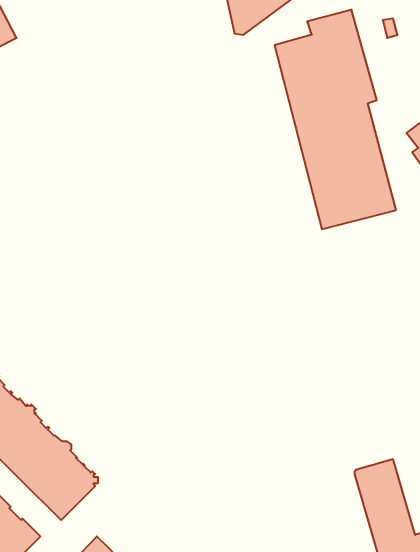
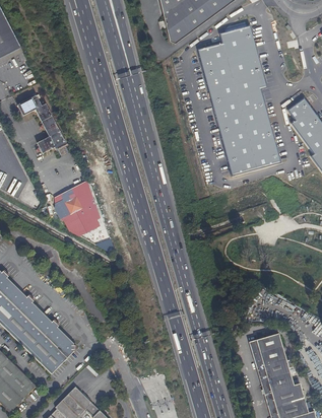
building: none -> [17,94,66,153]
building: none -> [54,181,101,236]

